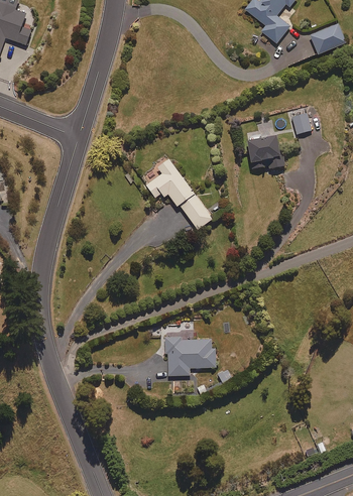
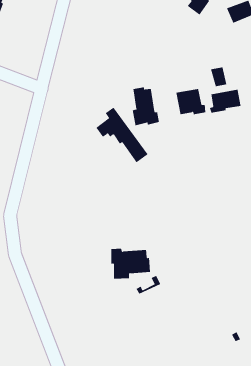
building: none -> [132,87,159,126]
building: none -> [209,89,241,114]

